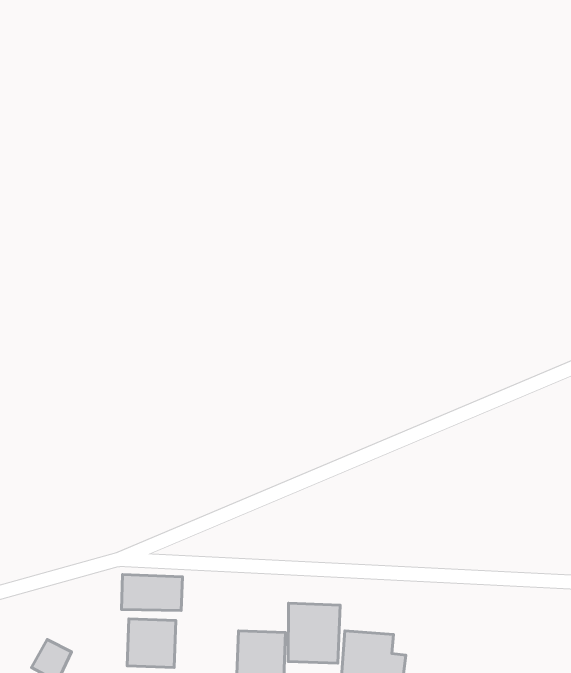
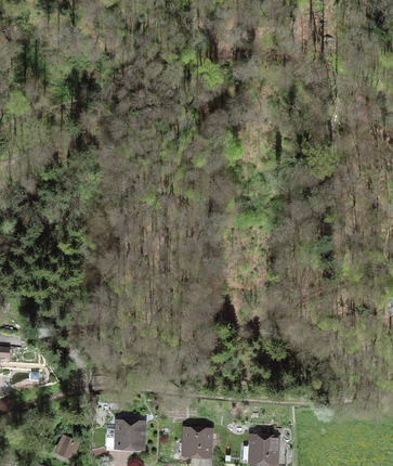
building: [121,575,182,611] -> none
building: [288,603,340,663] -> none

